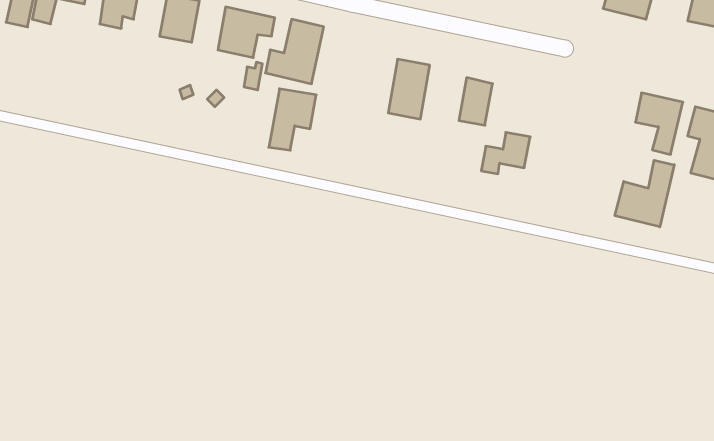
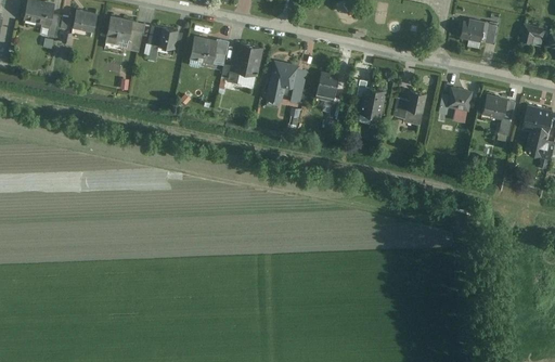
building: none -> [440,85,474,112]
building: [269,89,316,150] -> [266,59,299,102]
building: [481,132,530,174] -> [392,88,427,117]
building: [615,160,674,227] -> none

